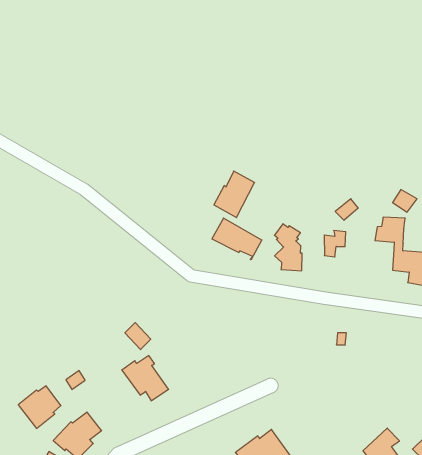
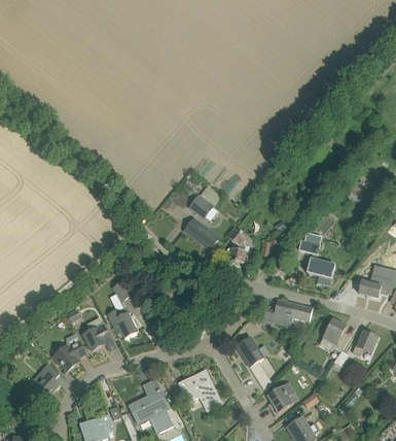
building: none -> [273,299,313,326]
building: none -> [237,337,273,393]
building: [18,386,61,428] -> [81,323,111,351]

